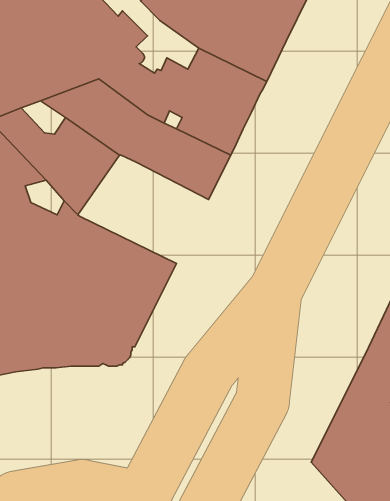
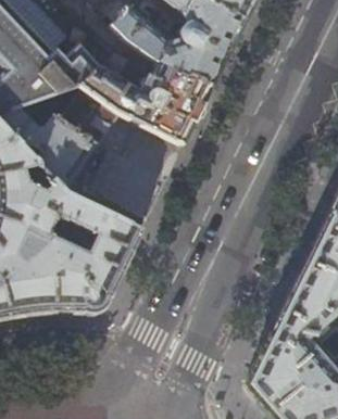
building: none -> [87,150,166,215]

